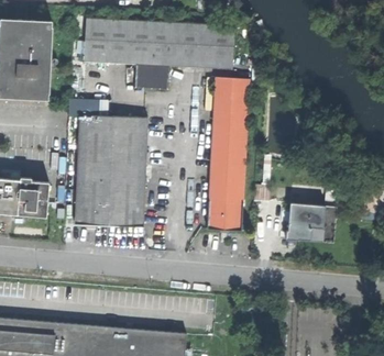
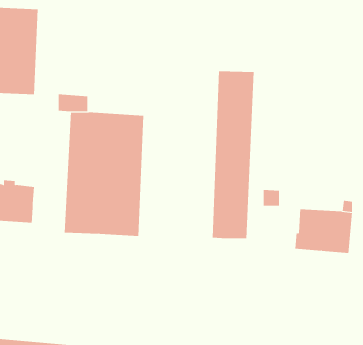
building: [85,16,233,88] -> none

